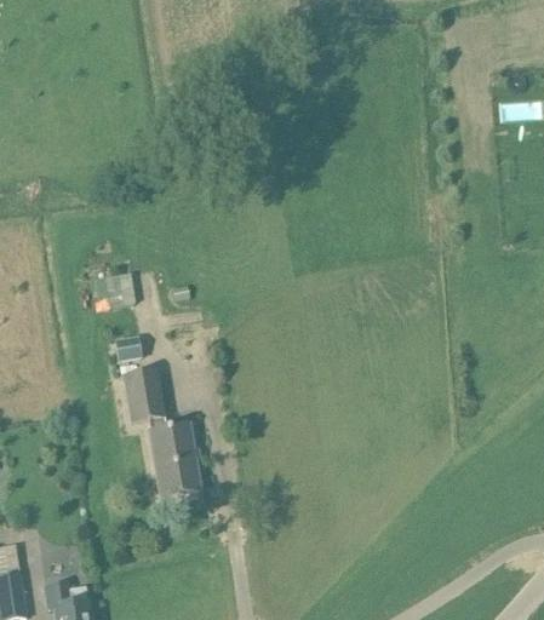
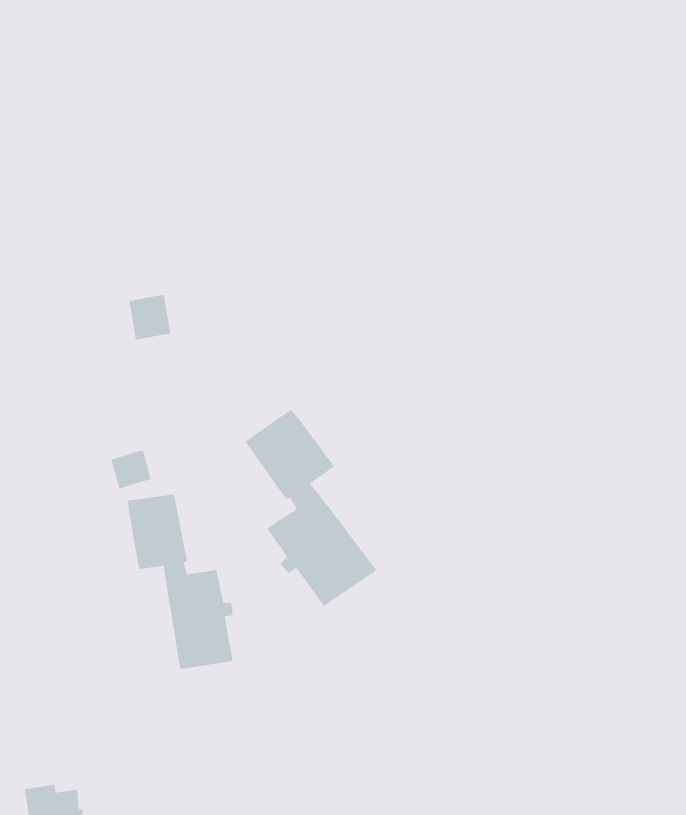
building: [104,272,136,306] -> [129,294,171,340]
building: none -> [245,409,377,607]

